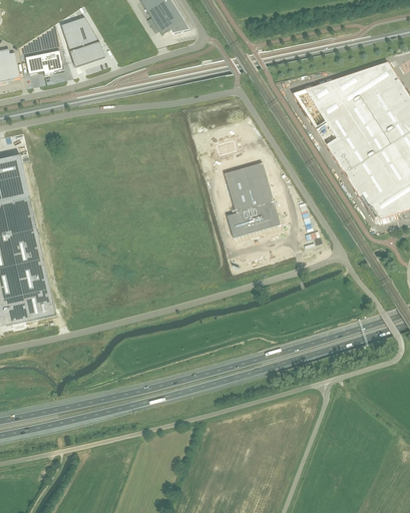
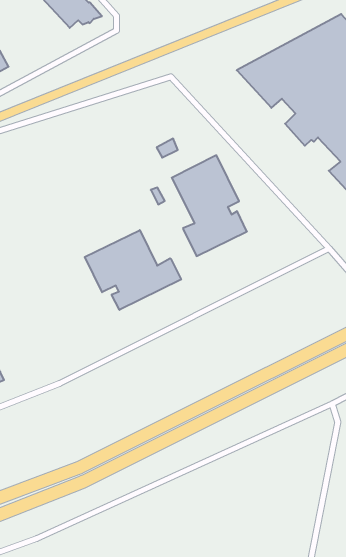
building: none -> [85,230,181,310]

